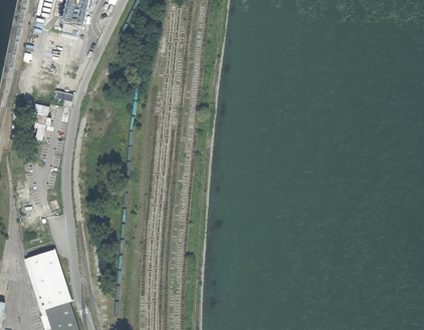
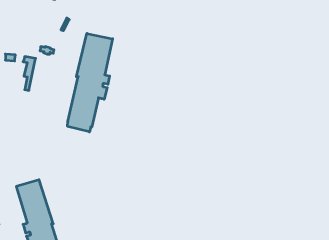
building: none -> [68,33,113,132]

